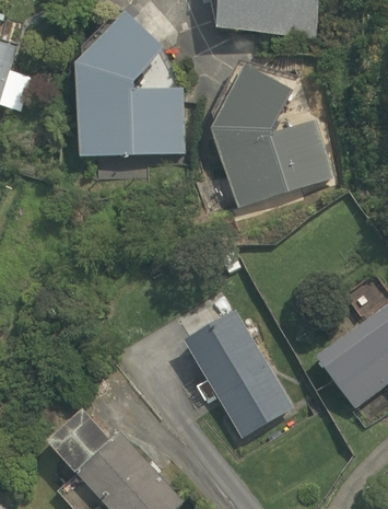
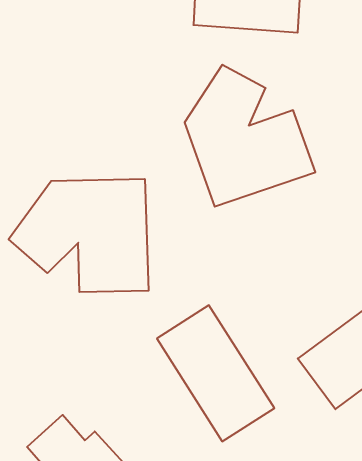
building: [73,13,184,153] -> none
building: none -> [9,179,149,292]

